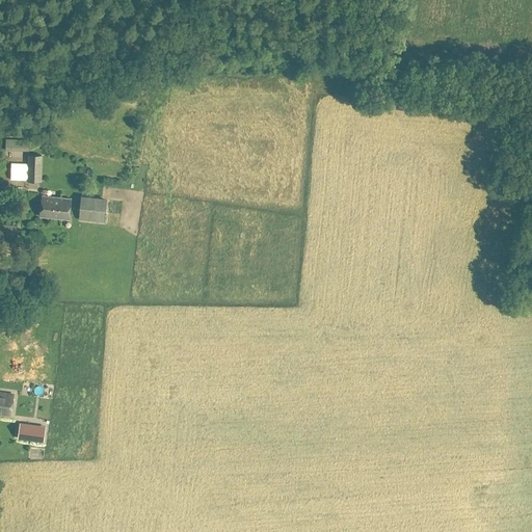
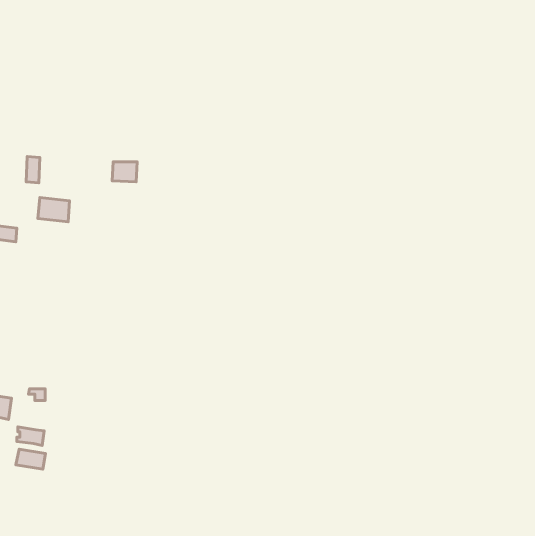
building: [79,201,104,220] -> [112,162,137,182]
building: none -> [16,449,46,469]

